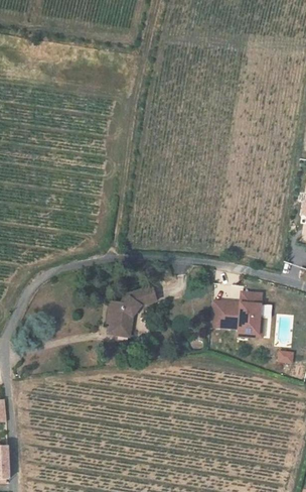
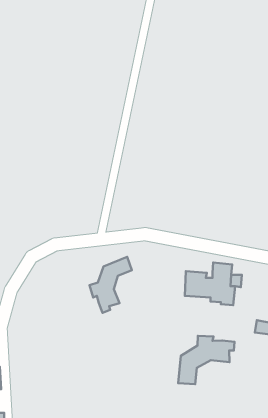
building: none -> [178,336,234,384]

